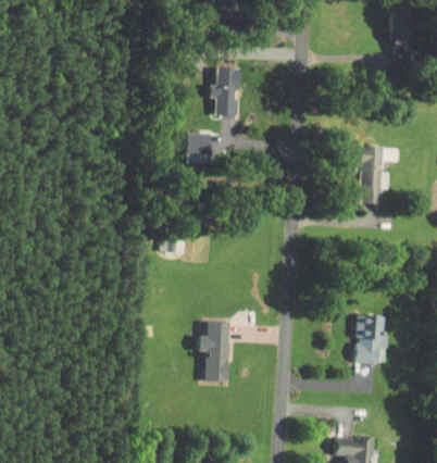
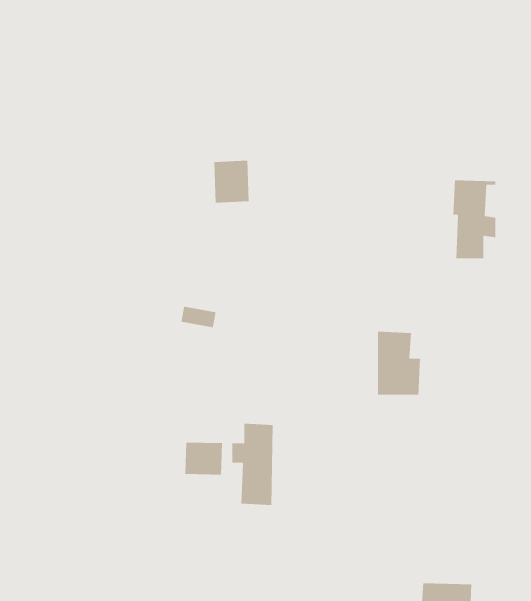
building: [208,68,239,116] -> none
building: [355,316,387,363] -> [377,331,421,396]
building: none -> [185,442,223,475]

